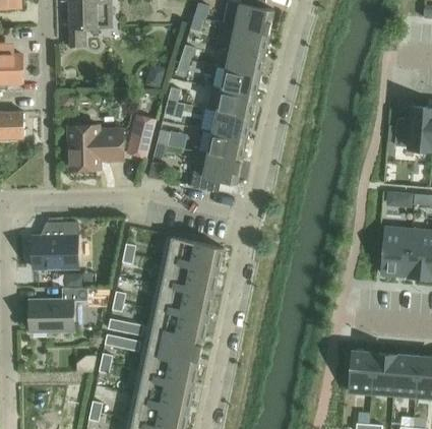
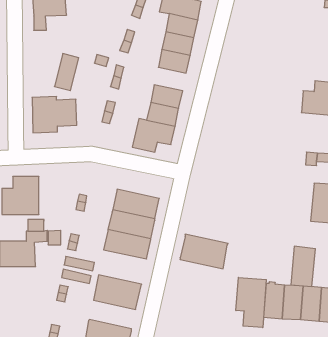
building: [217,90,255,119] -> none
building: [126,115,156,160] -> [54,54,79,91]
building: [380,228,410,277] -> [291,246,315,287]
building: [149,311,207,353] -> [180,234,228,269]
building: none -> [236,277,266,328]
building: [138,372,194,407] -> none

